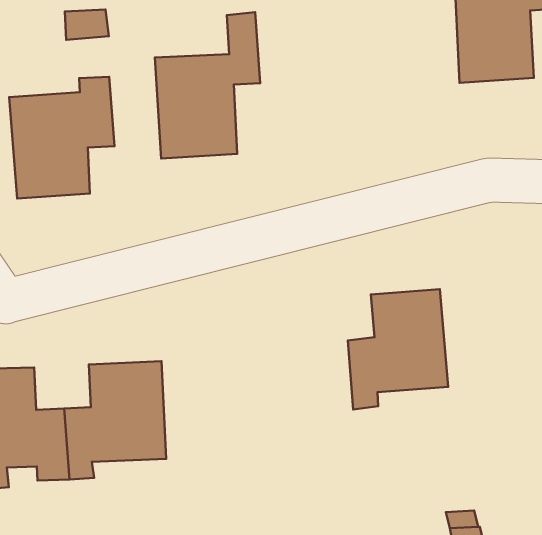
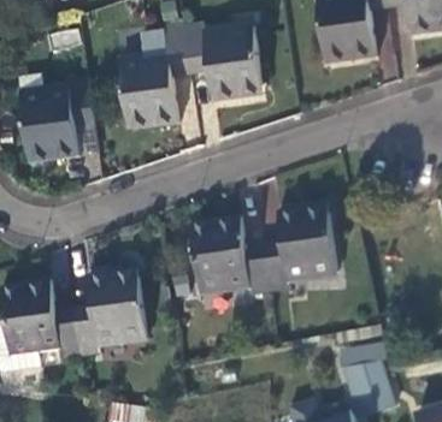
building: none -> [183,22,264,97]
building: none -> [195,216,271,292]

